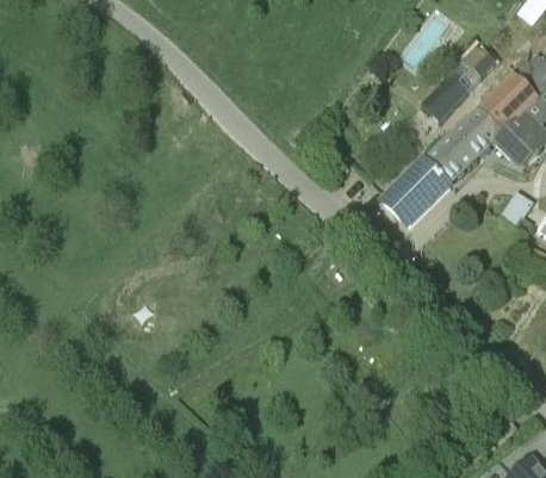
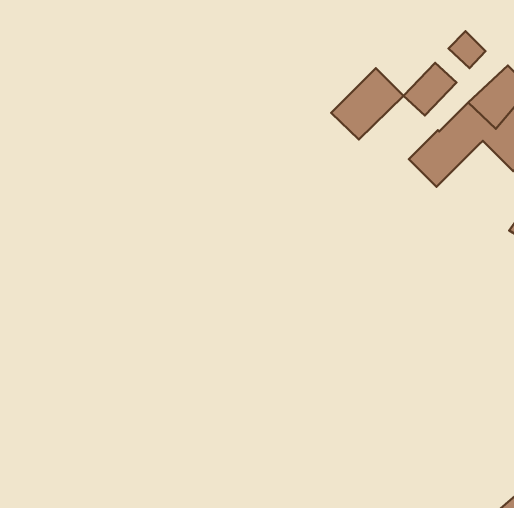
building: [385,157,451,222] -> [331,68,404,139]

